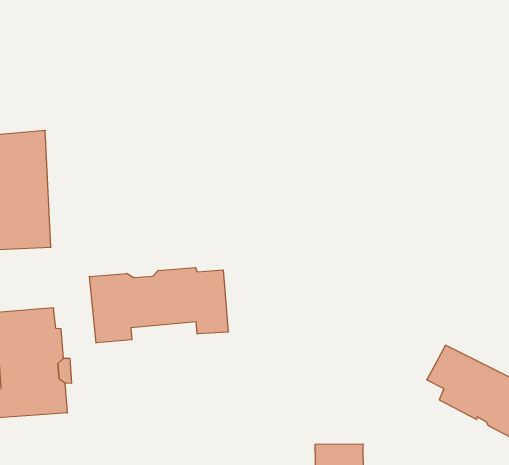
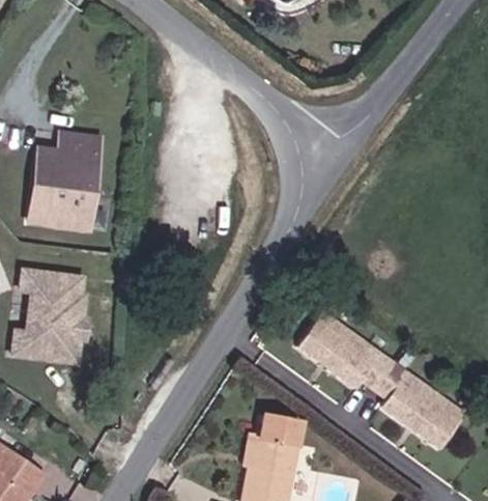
building: [89,267,228,343] -> none
building: none -> [294,307,390,385]

